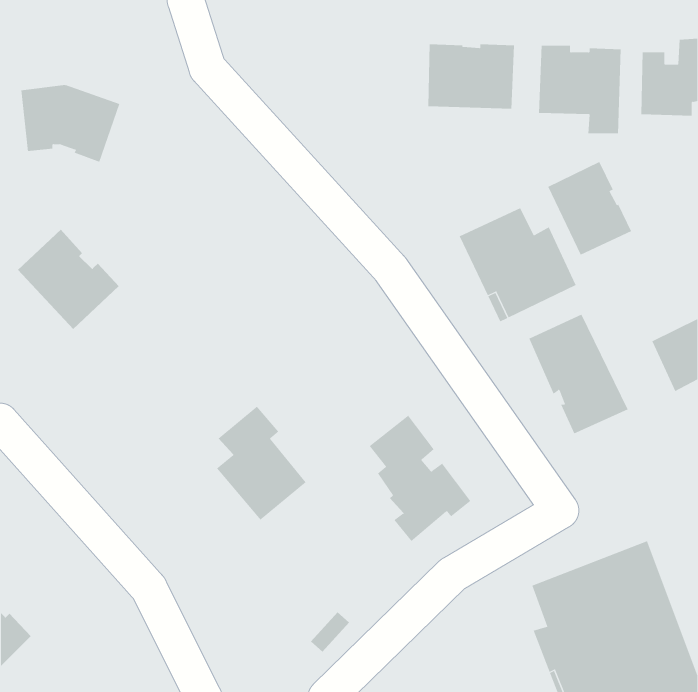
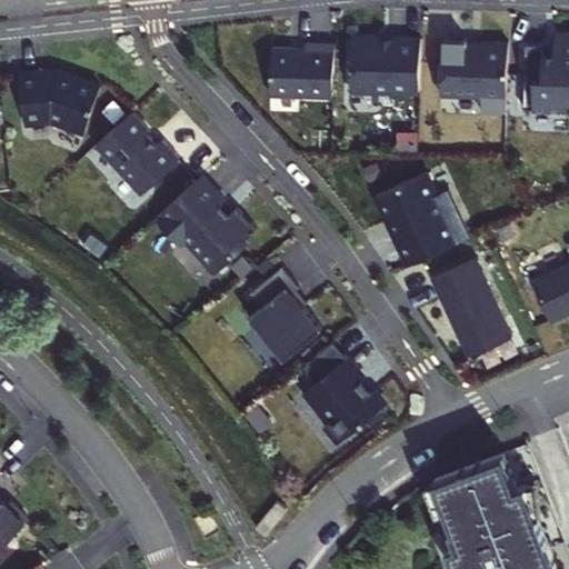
building: none -> [268,46,332,99]
building: [547,161,632,256] -> none
building: none -> [153,177,254,274]
building: [17,229,120,330] -> [93,114,177,197]
building: [216,406,306,520] -> [247,268,320,361]

